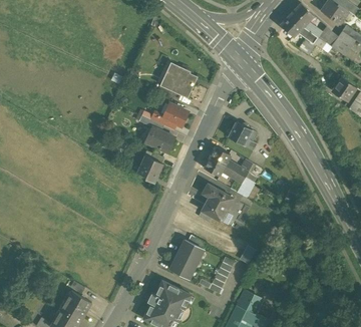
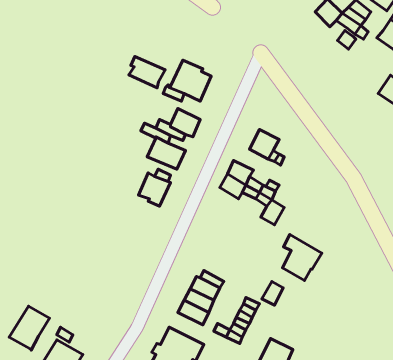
building: none -> [129,57,165,88]
building: [202,184,234,221] -> [282,235,322,280]
building: none -> [9,306,49,350]

